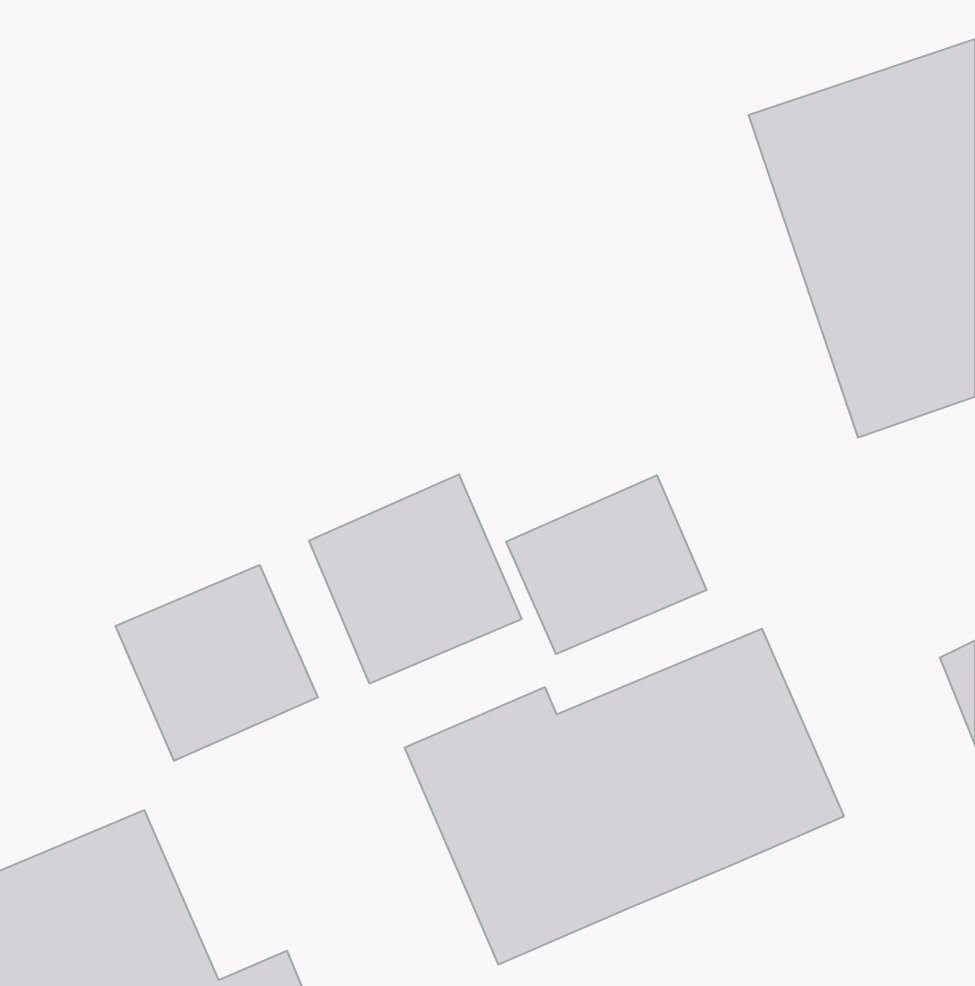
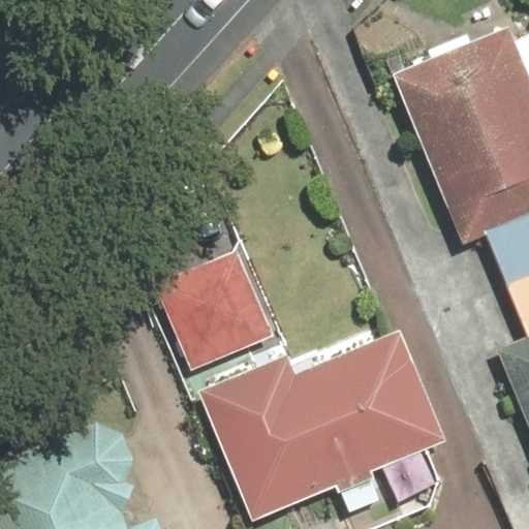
building: [506,475,707,654] -> none
building: [116,565,318,761] -> none

